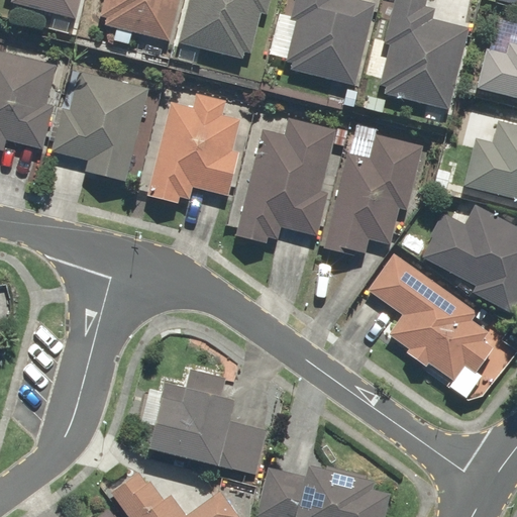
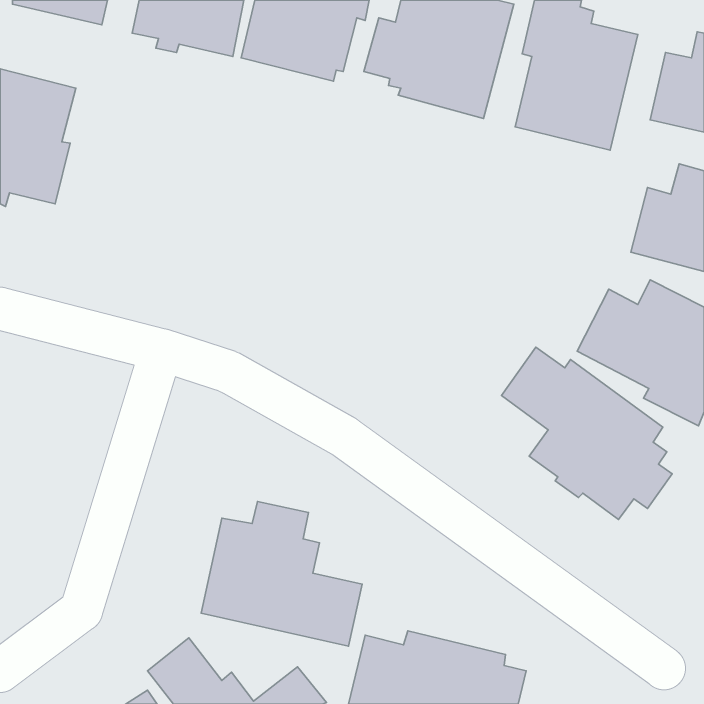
building: [50,71,146,180] -> none
building: [145,92,240,203] -> none
building: [235,107,336,243] -> none
building: [323,122,424,251] -> none

